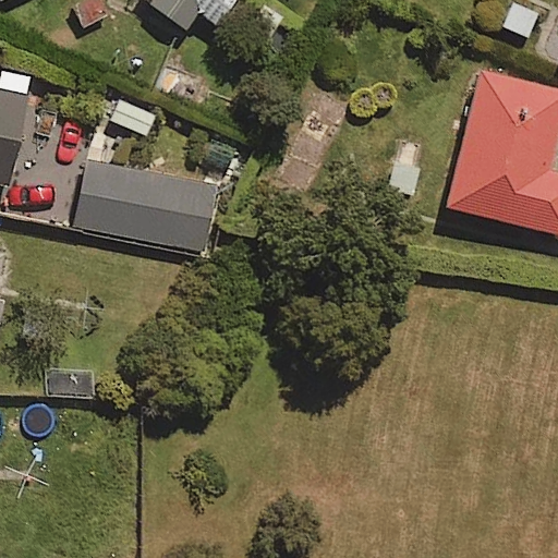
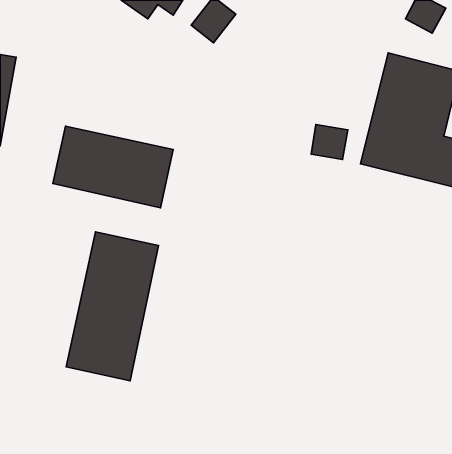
building: none -> [66,232,159,381]

